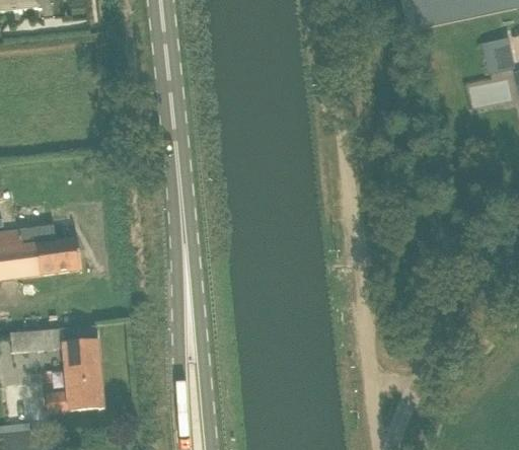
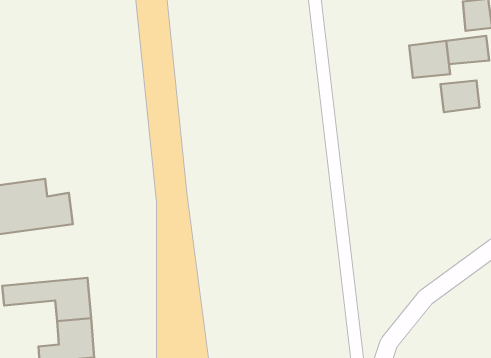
building: none -> [409,41,450,78]
building: none -> [441,81,480,112]

